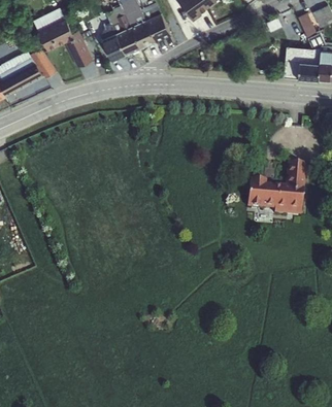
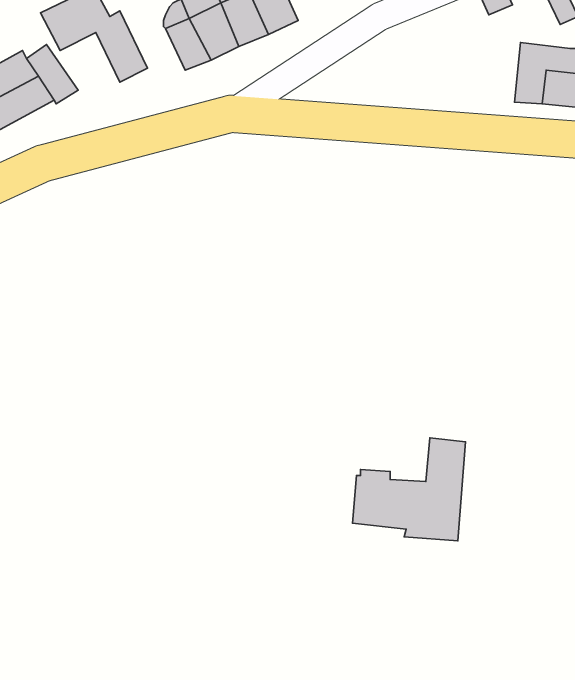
building: [246,162,305,215] -> [353,438,466,541]

